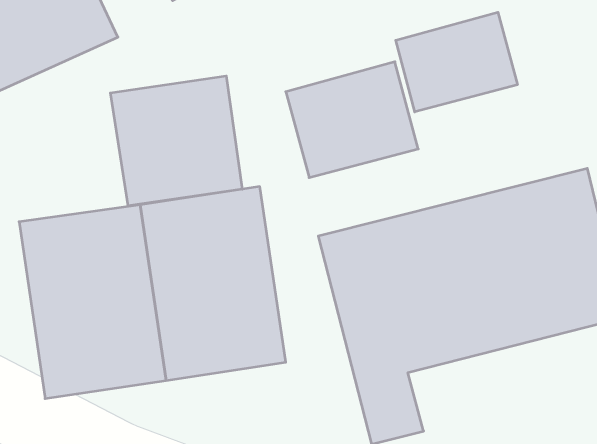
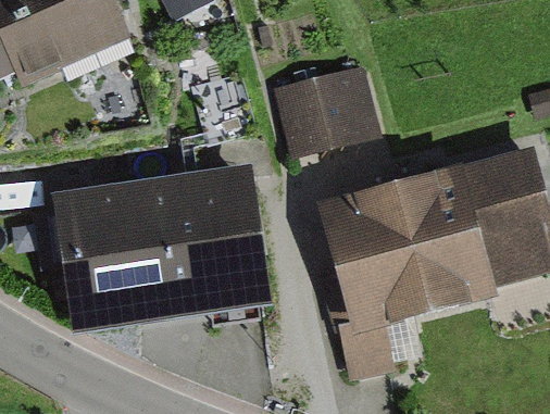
building: [396,12,517,112] -> none
building: [110,76,242,206] -> none

